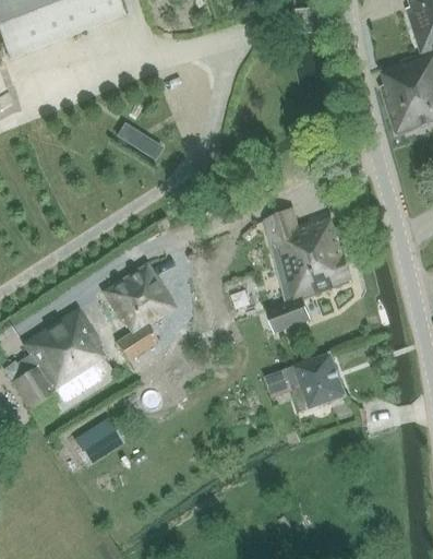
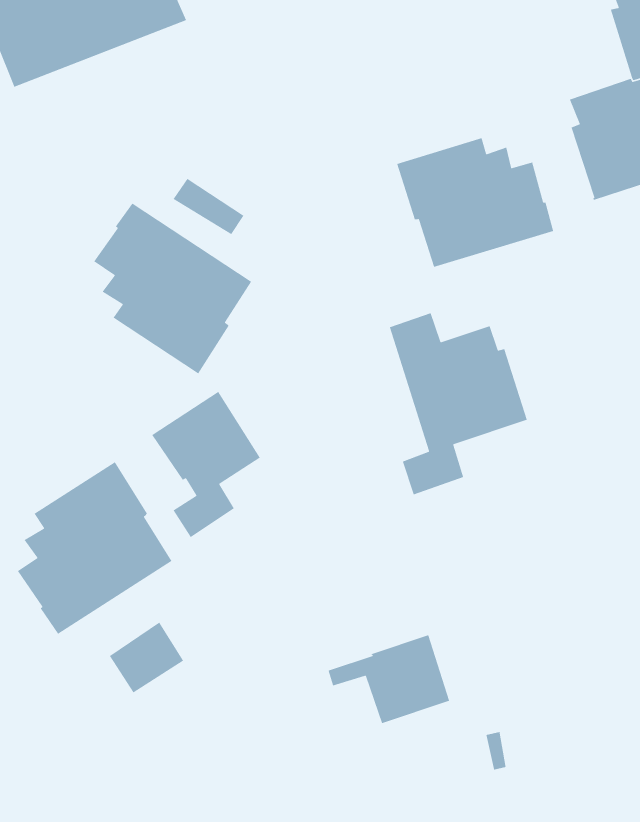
building: none -> [396,137,554,268]
building: none -> [93,202,252,374]
building: [265,350,347,411] -> [327,634,450,724]

